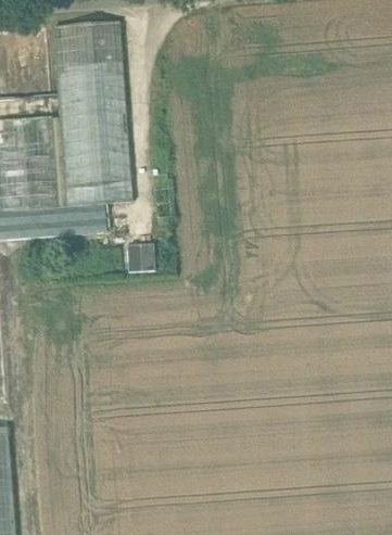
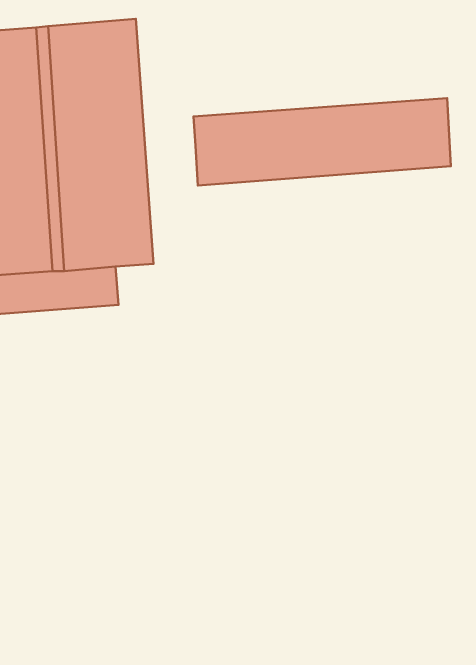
building: none -> [194,98,451,185]
building: [125,244,152,272] -> none

